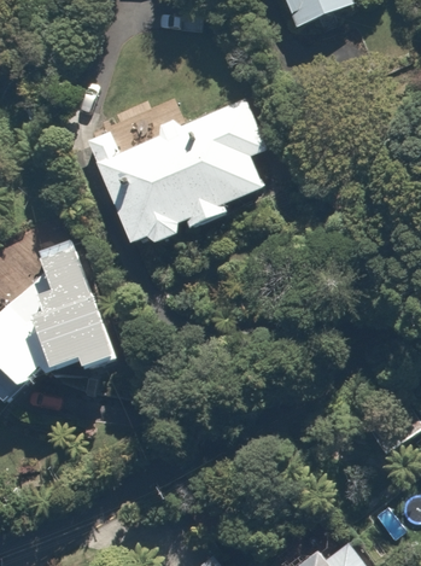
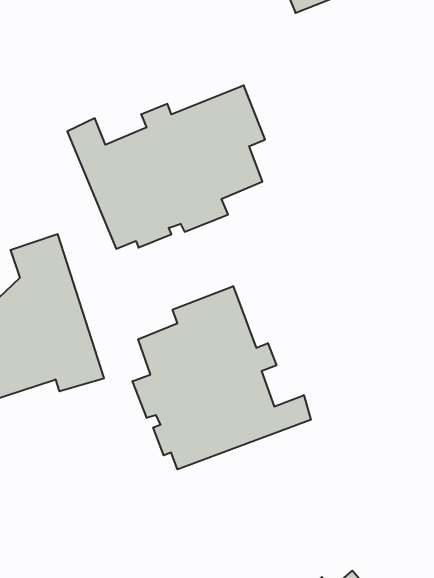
building: none -> [132,286,311,469]

